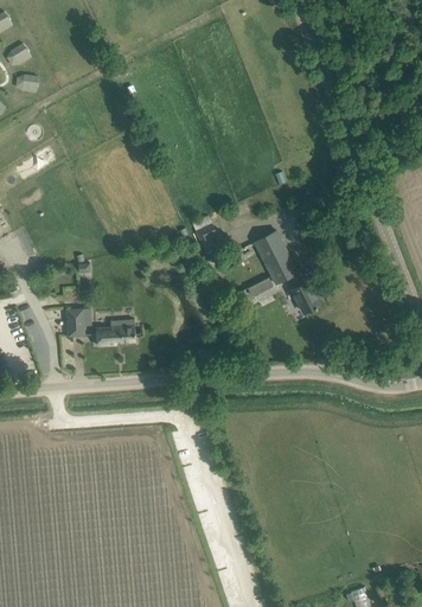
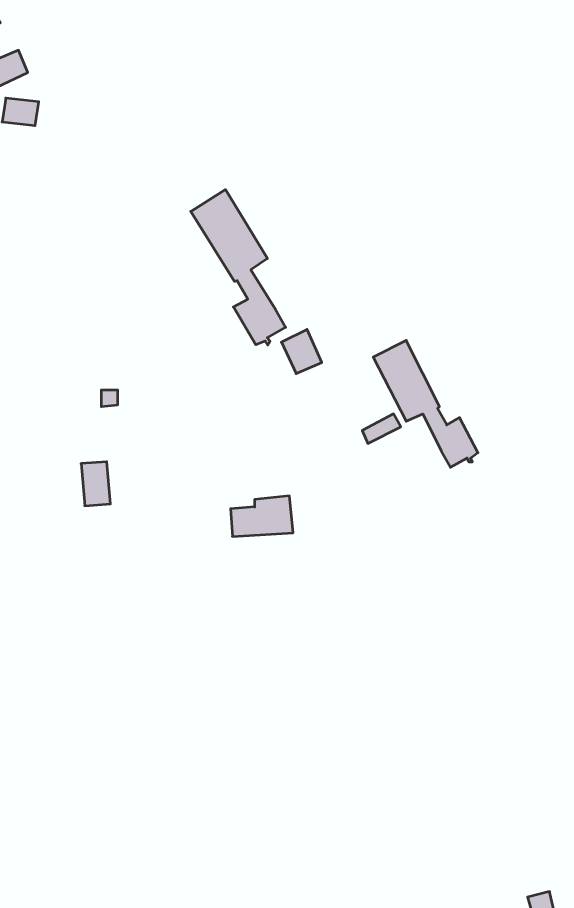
building: none -> [191,190,286,345]
building: [95,319,135,345] -> [231,496,293,536]

